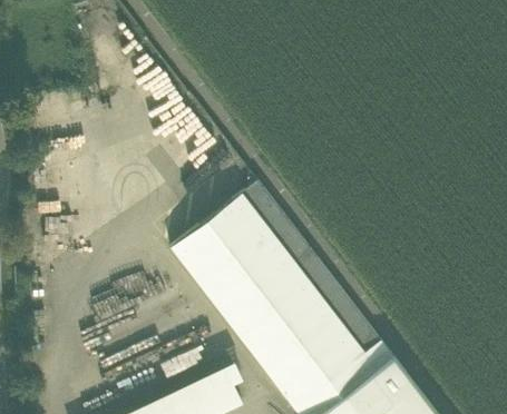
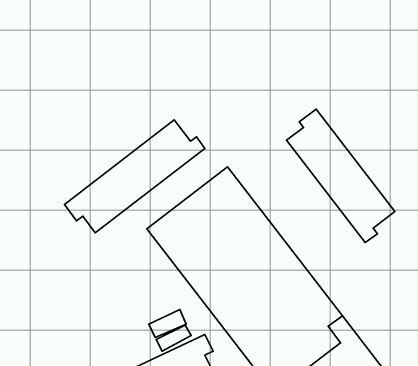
building: none -> [287,109,395,242]
building: none -> [64,120,205,233]

